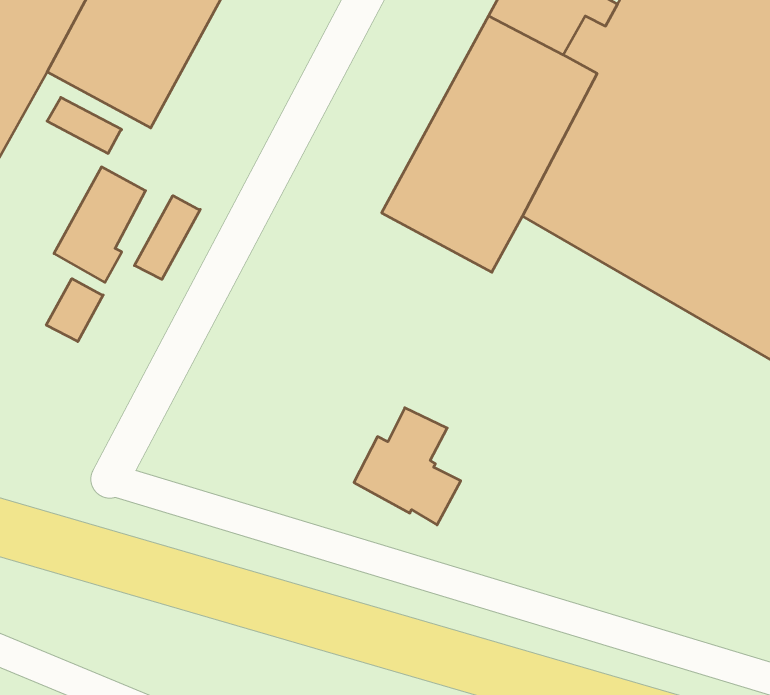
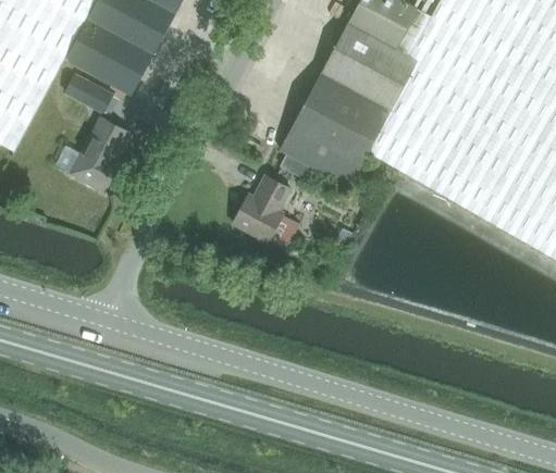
building: [134,196,200,279] -> none
building: [46,279,103,342] -> none
building: [354,408,461,525] -> [233,175,301,250]

